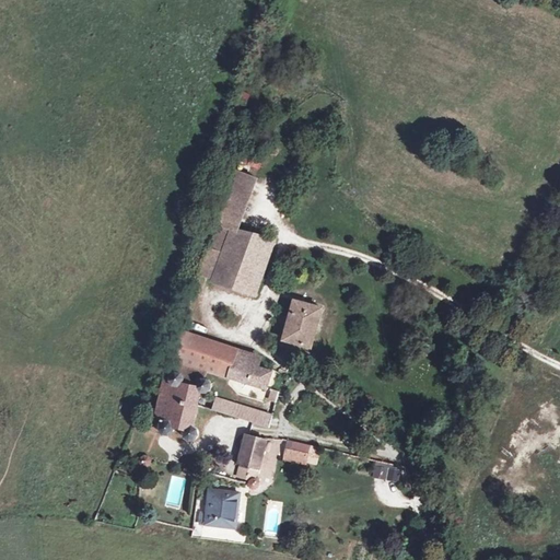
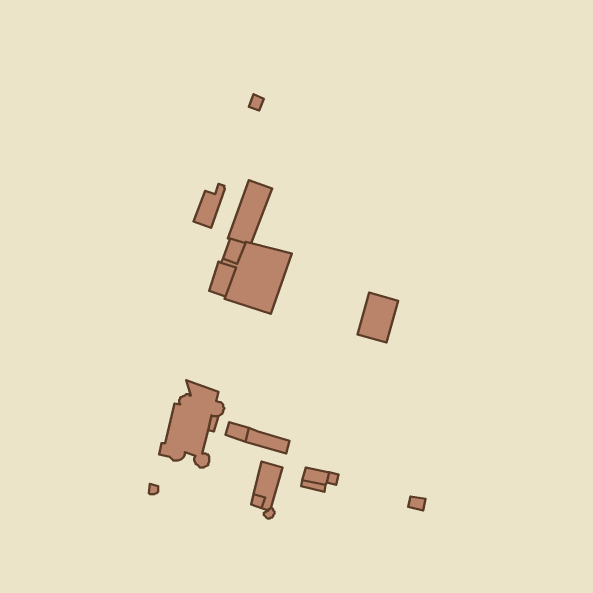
building: none -> [193,184,225,228]
building: [282,300,320,347] -> [357,293,398,343]
building: [175,331,271,388] -> none
building: [199,488,238,527] -> none

